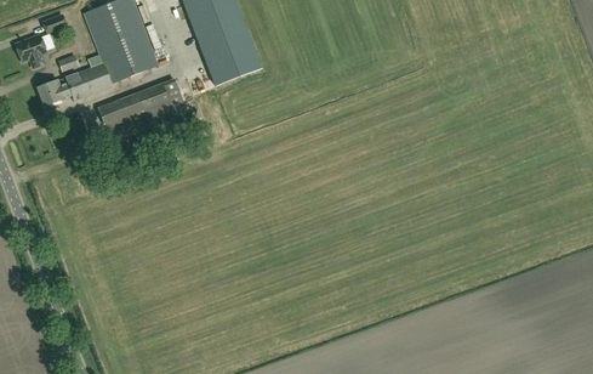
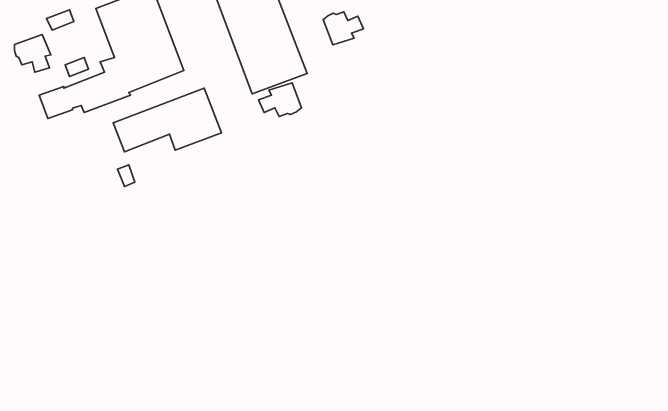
building: none -> [323,12,363,45]
building: none -> [258,83,301,116]

